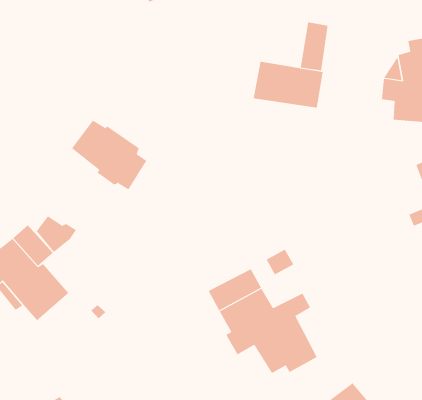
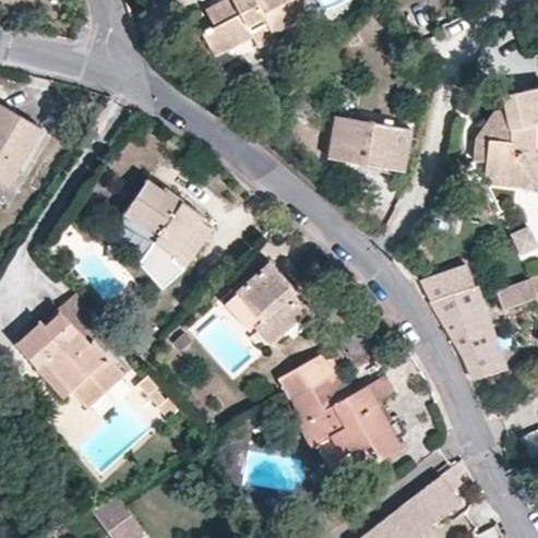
building: [300,22,328,71] -> none
building: none -> [225,263,310,345]
building: none -> [417,263,502,379]
building: [36,216,77,253] -> [145,246,191,287]

